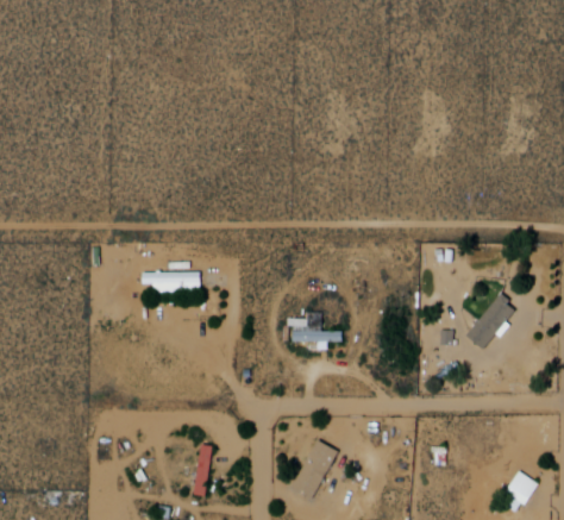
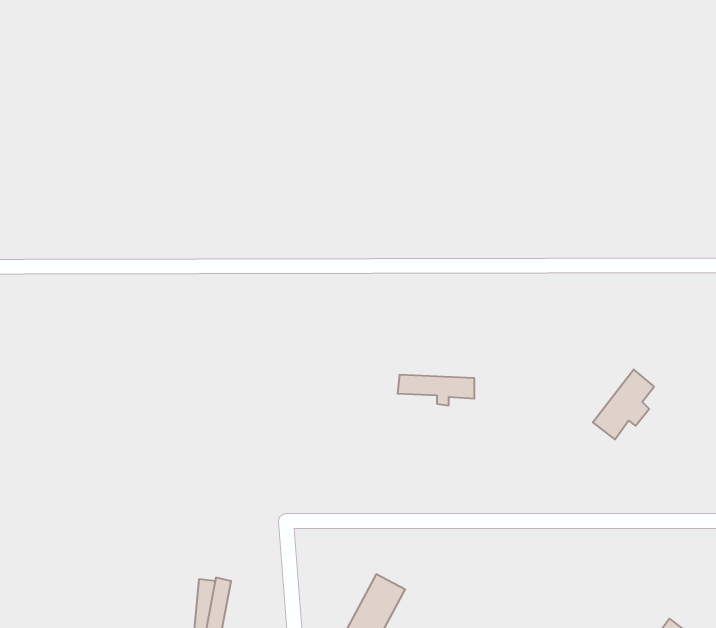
building: [143,271,200,290] -> none
building: [292,326,345,347] -> [398,375,474,405]

